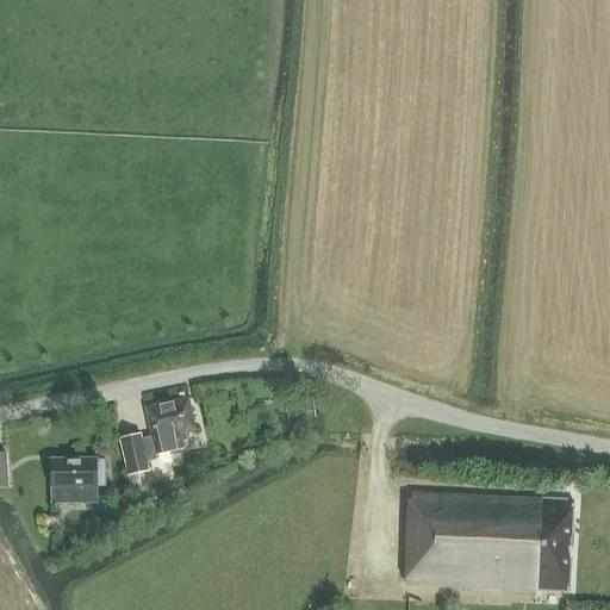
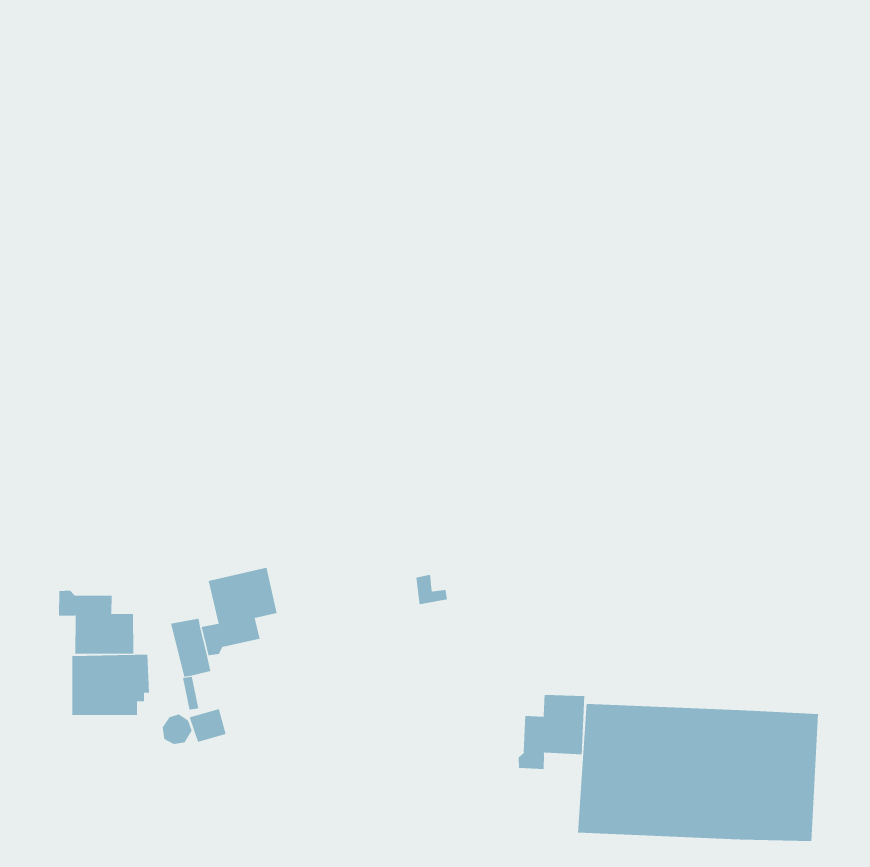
building: none -> [59,590,134,654]
building: none -> [518,694,585,770]

